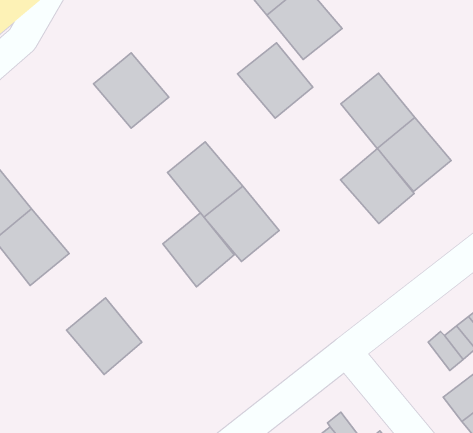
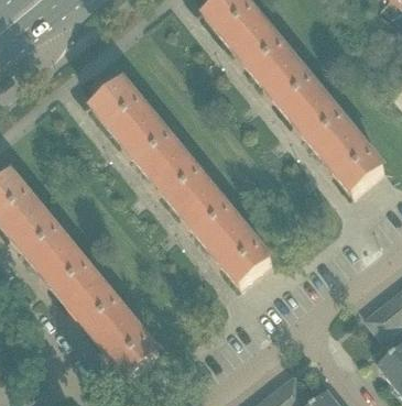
building: [237,43,313,118] -> [262,61,324,122]
building: none -> [121,117,182,178]
building: [341,149,414,223] -> none
building: [163,213,234,287] -> [211,226,270,286]
building: none -> [39,244,100,307]
building: none -> [99,317,159,378]

